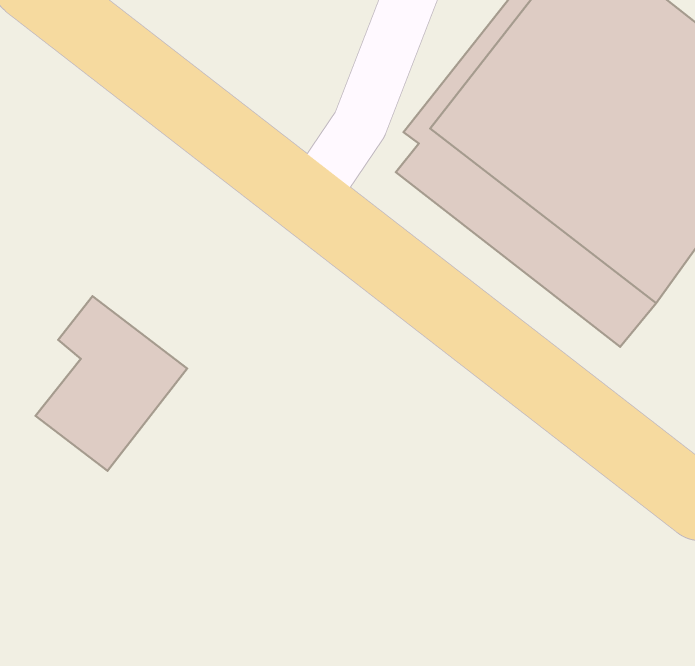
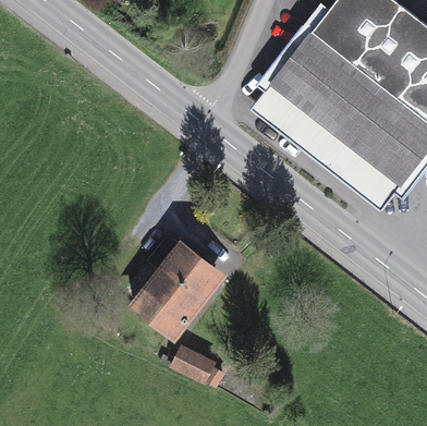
building: [35,296,187,471] -> [136,235,223,336]
building: none -> [173,346,224,386]

